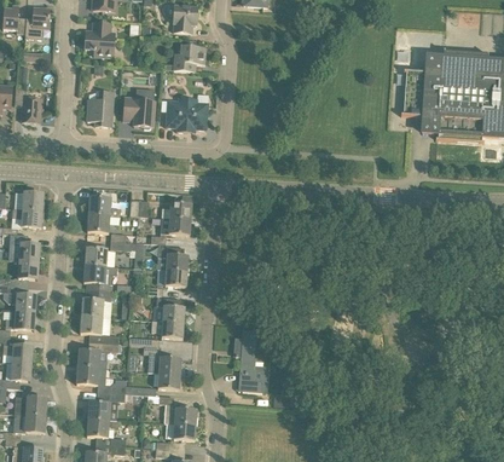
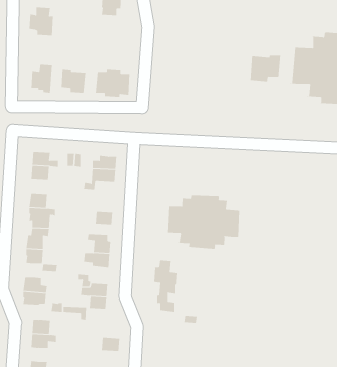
building: [164,44,205,70] -> none
building: none -> [250,54,281,82]
building: none -> [165,192,242,250]
building: [156,246,187,270] -> none
building: [158,394,196,423] -> none

